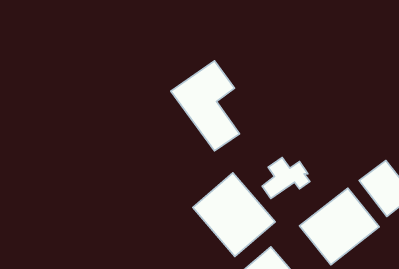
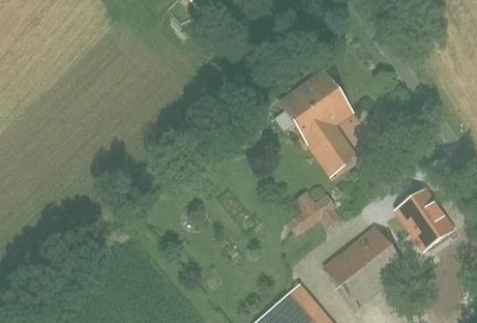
building: [171,61,239,151] -> [284,79,358,177]
building: [193,173,275,256] -> none

